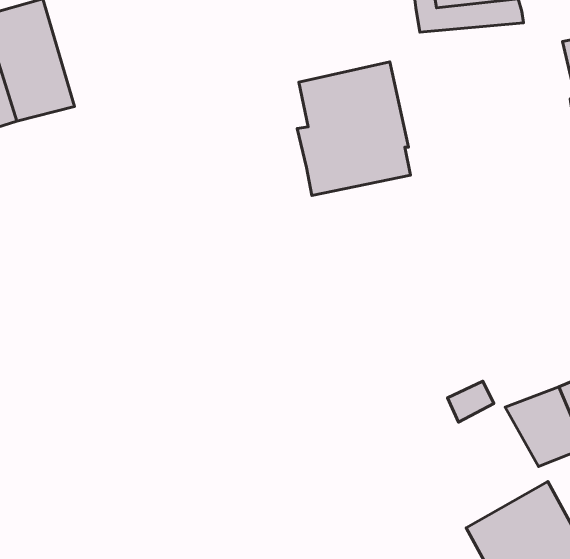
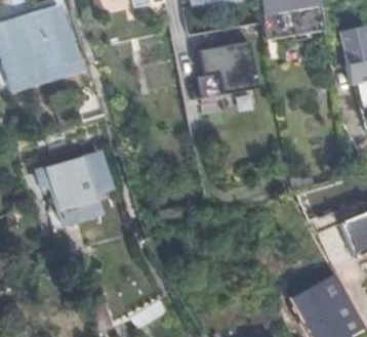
building: none -> [38,156,109,221]

